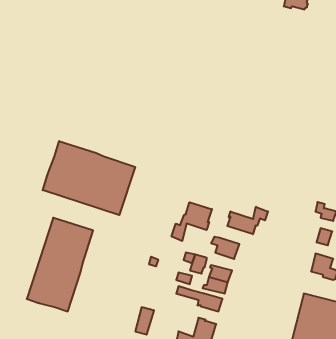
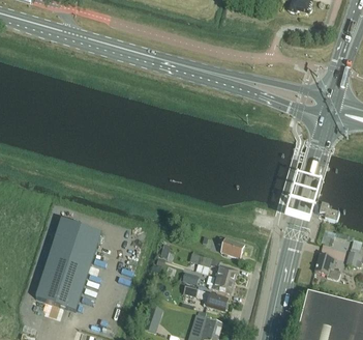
building: [43,141,135,215] -> none
building: [172,202,212,241] -> none
building: [227,207,268,234] -> none

